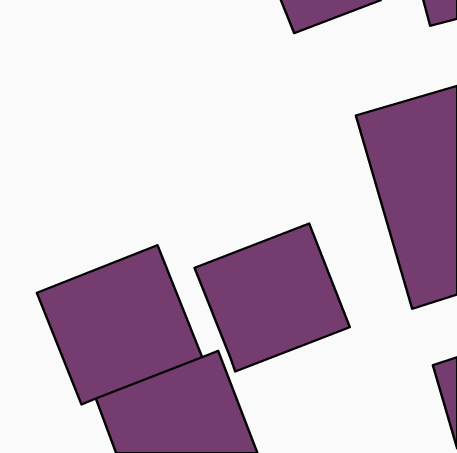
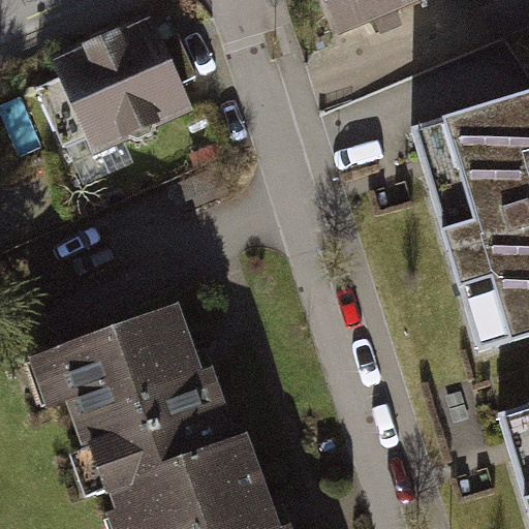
building: none -> [37,38,173,172]
building: [194,224,350,371] -> none

